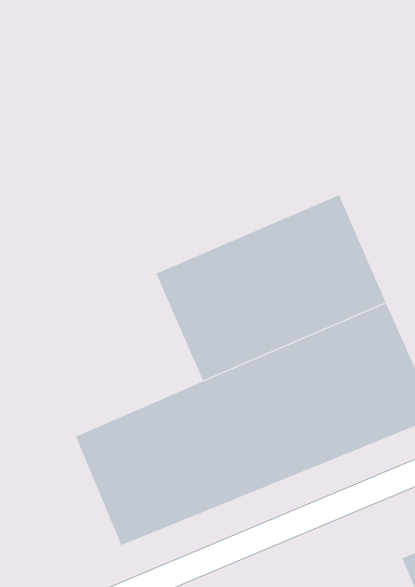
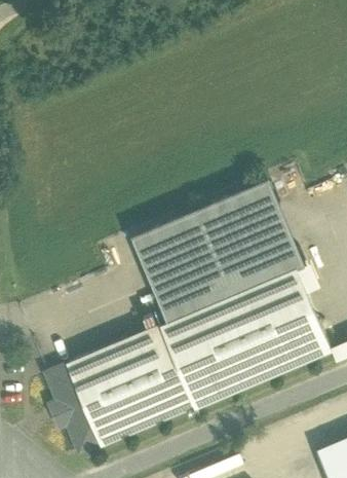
building: none -> [44,362,105,454]

